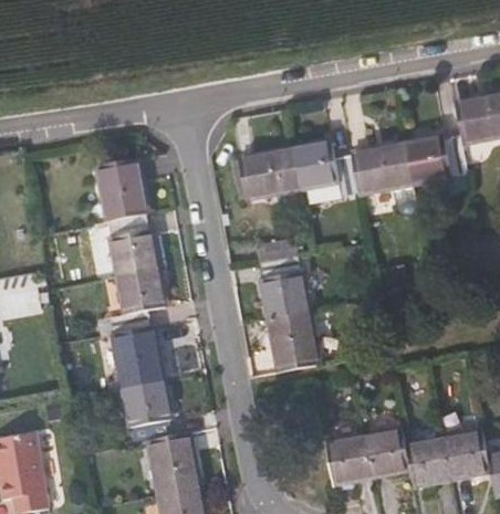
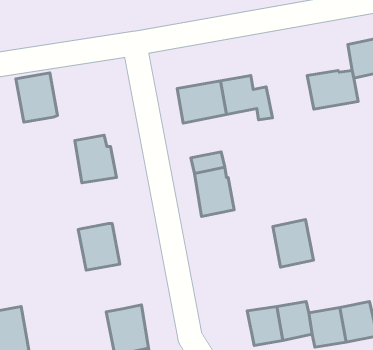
building: [351,139,417,213] -> none
building: [96,159,149,222] -> [16,73,58,122]
building: [111,270,165,335] -> none
building: [268,311,320,371] -> [273,220,313,267]
building: [121,380,170,443] -> none

